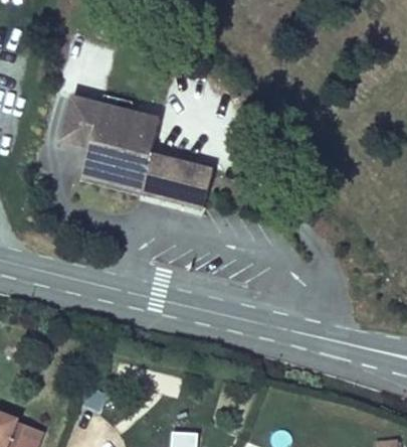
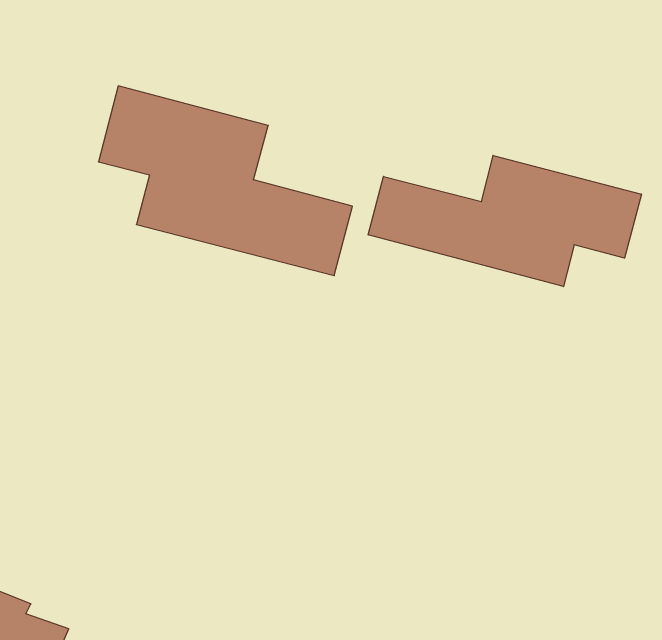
building: none -> [368,155,641,287]

